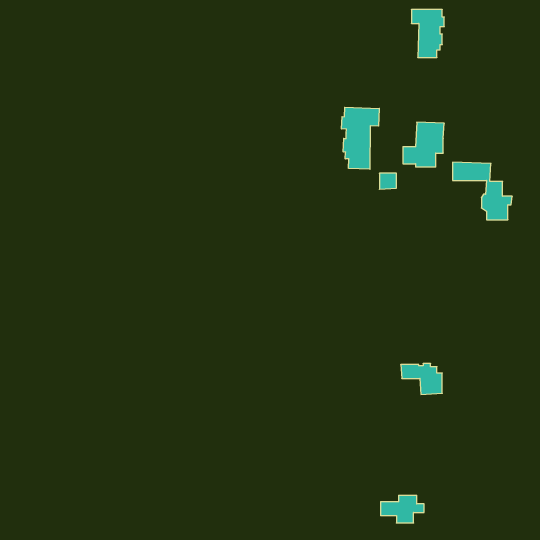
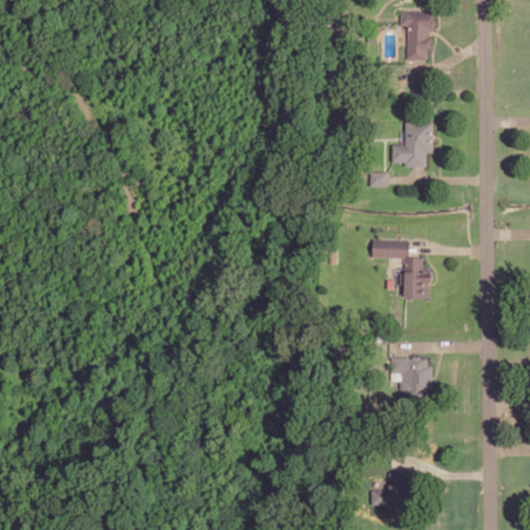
building: [342,107,379,169] -> none
building: [453,162,512,220] -> [372,240,430,296]

